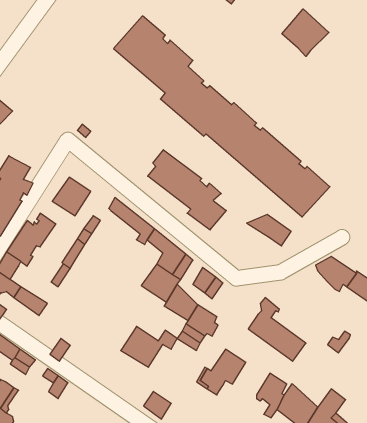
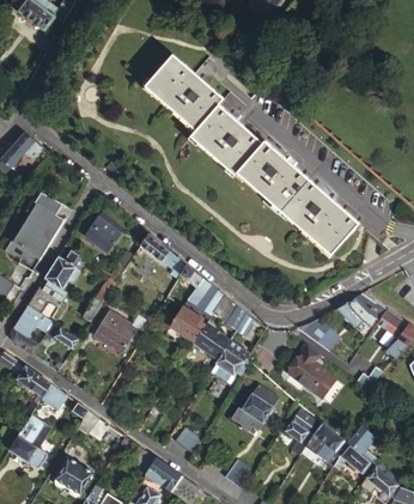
building: [282,9,329,56] -> none
building: [148,150,226,230] -> none
building: [247,215,291,246] -> [292,318,336,350]
building: [121,326,177,367] -> [90,312,146,353]

